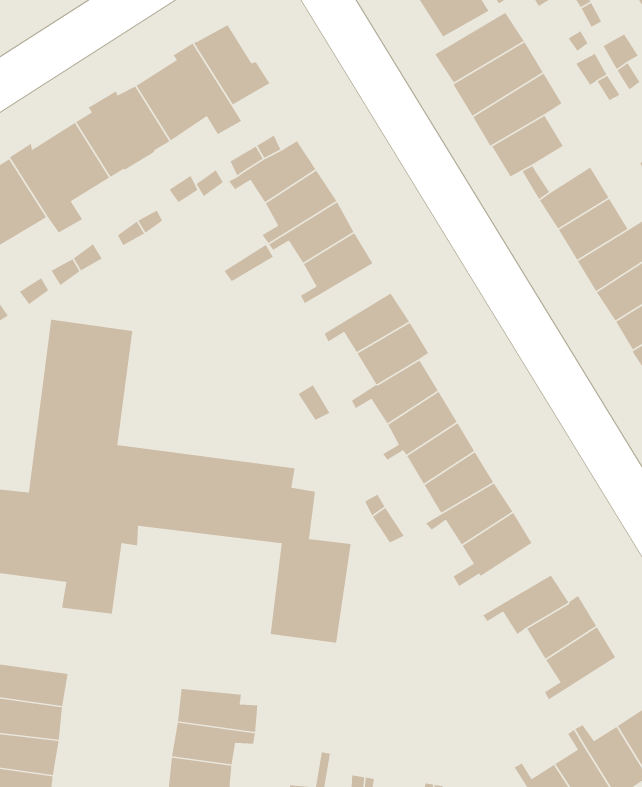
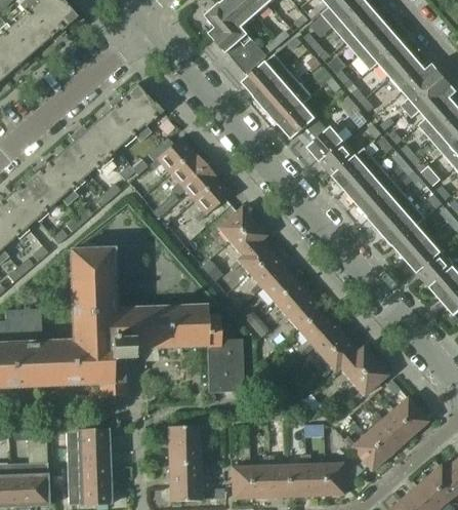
building: none -> [310,324,346,359]

